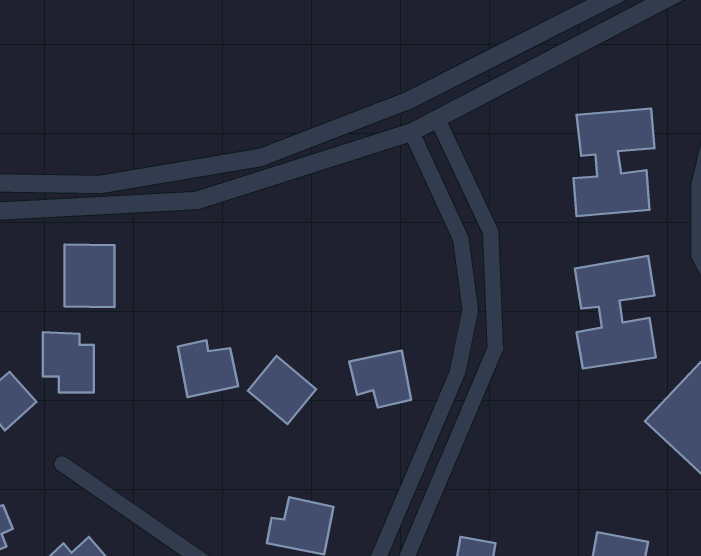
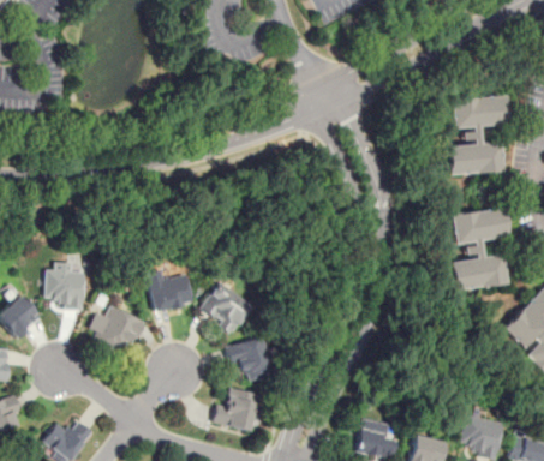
building: [64,244,114,307] -> none
building: [349,350,411,408] -> [228,336,275,379]
building: none -> [90,307,144,353]

